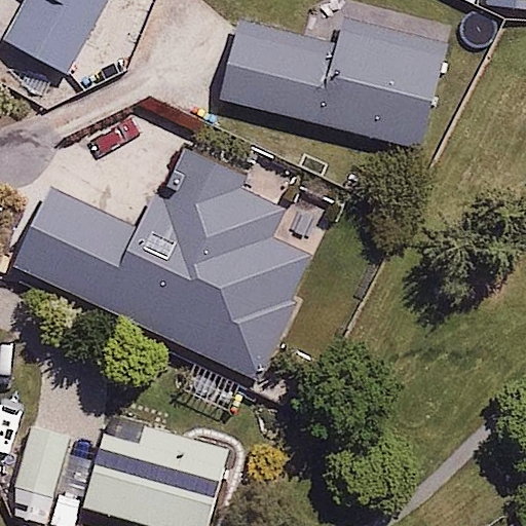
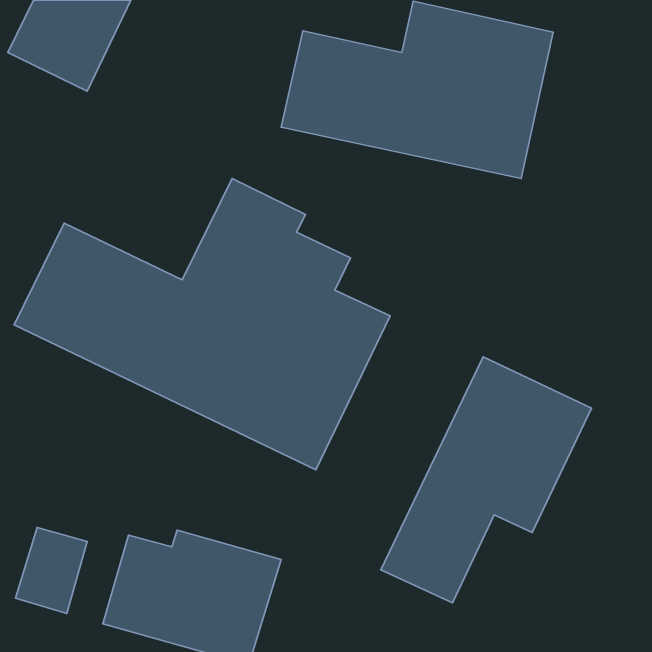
building: none -> [381,357,591,603]

